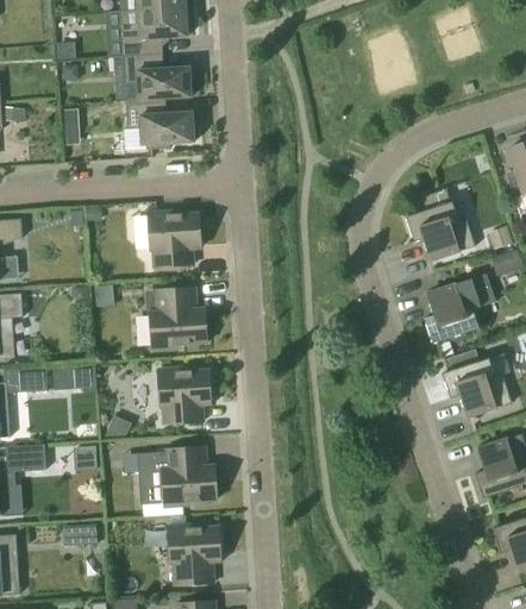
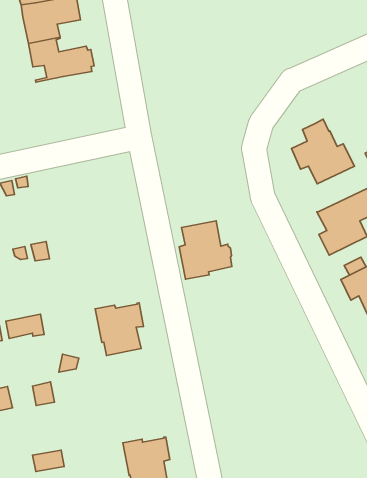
building: [125,99,196,150] -> none
building: [148,211,201,266] -> none
building: [149,288,207,350] -> [179,221,232,279]
building: [137,447,217,508] -> none

